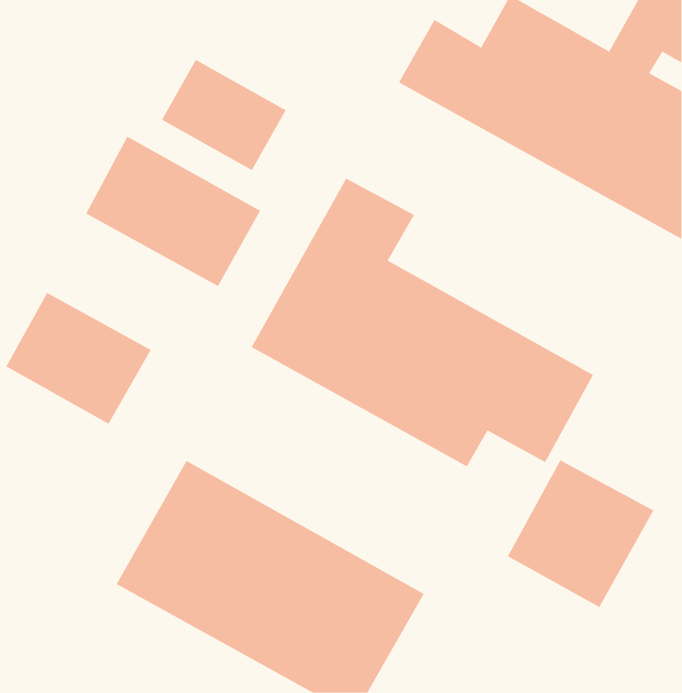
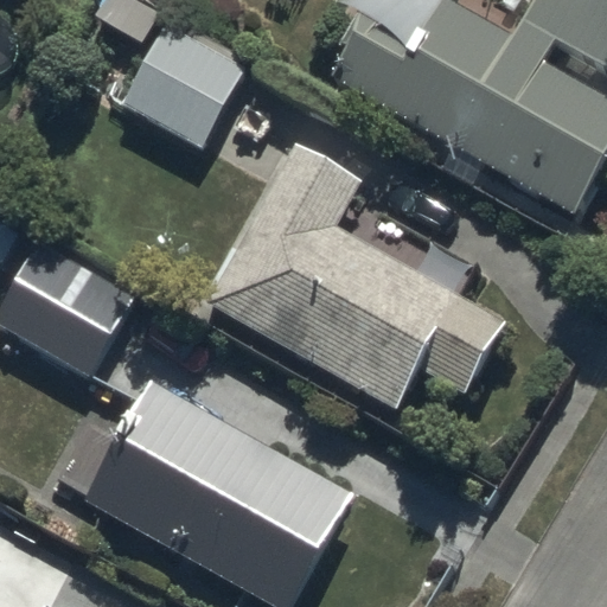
building: [86,136,261,287] -> none
building: [507,459,654,608] -> none

